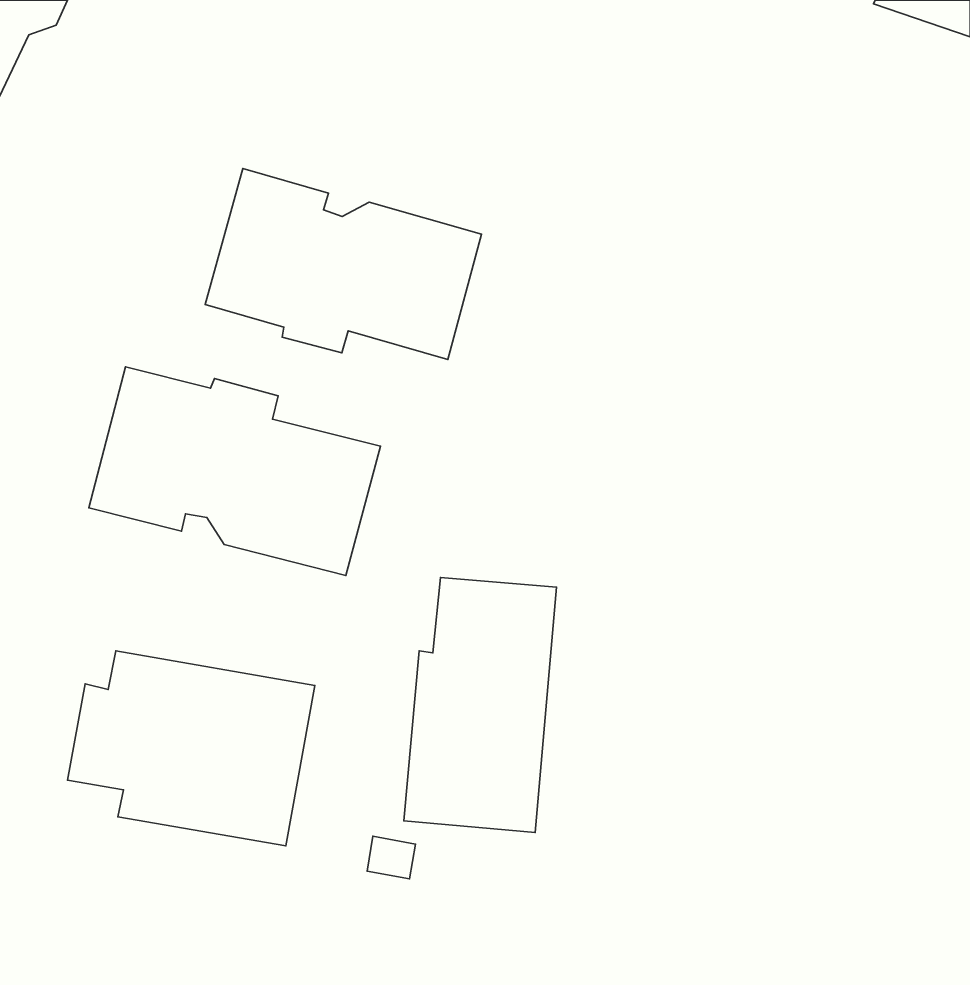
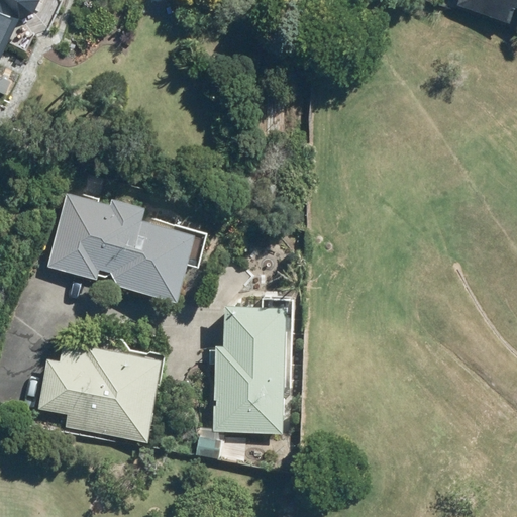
building: [205,169,482,359] -> none

